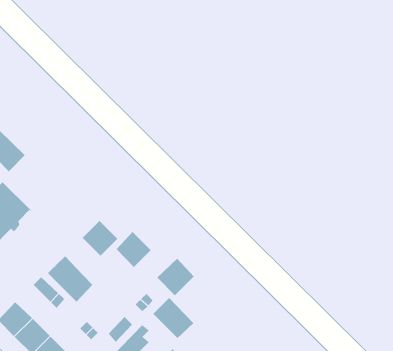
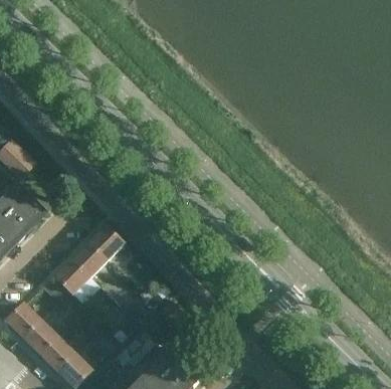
building: [116,231,151,268] -> [73,241,108,276]
building: [156,258,194,296] -> none

